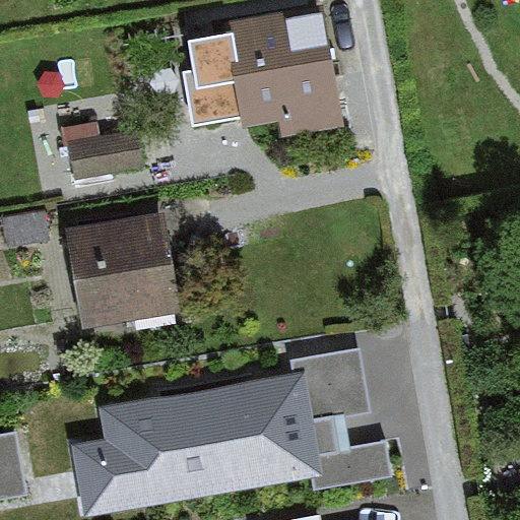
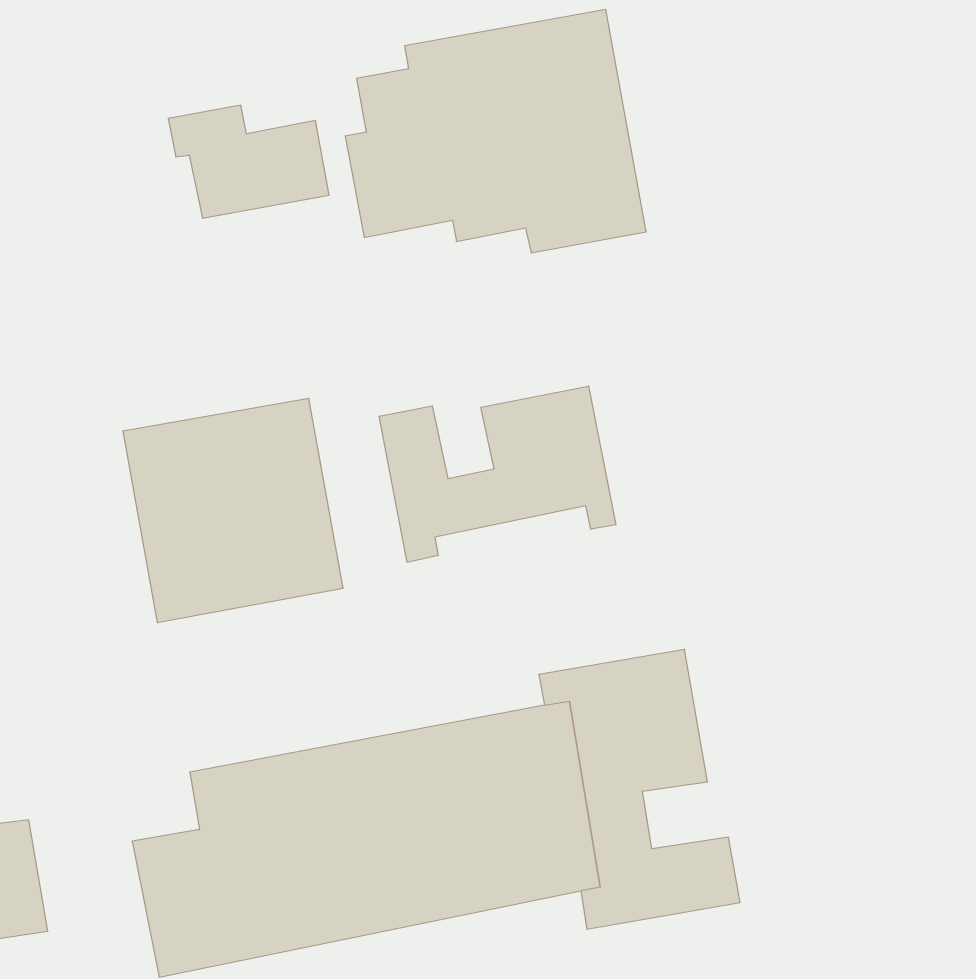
building: [57,122,142,182] -> [168,105,329,218]
building: none -> [379,386,616,562]

